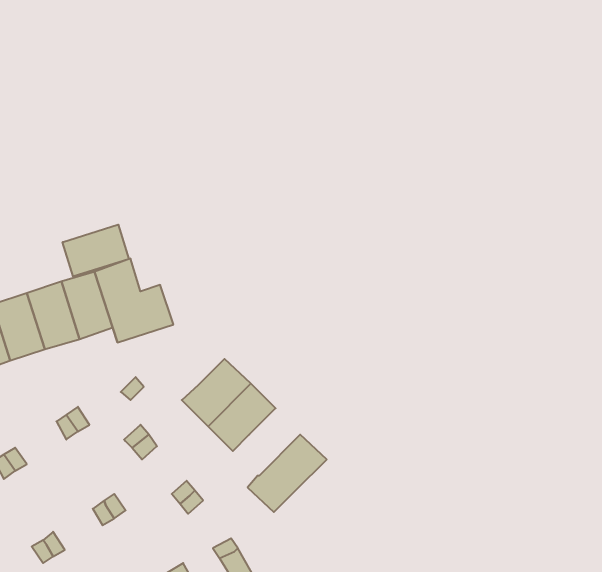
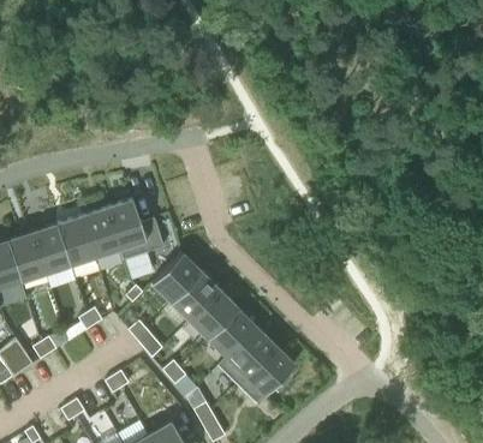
building: [63,225,129,277] -> none
building: none -> [150,253,201,303]
building: none -> [207,309,256,358]
building: none -> [237,346,294,403]

